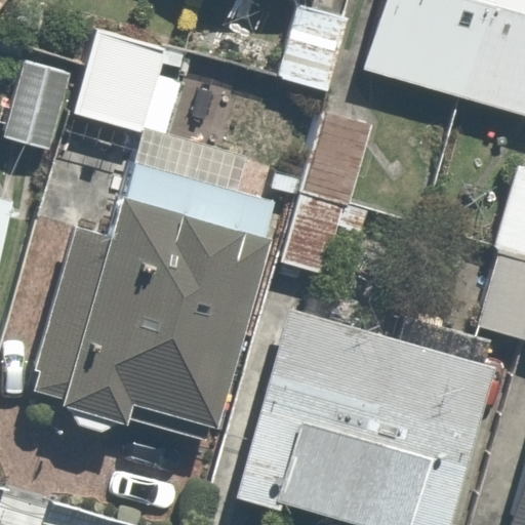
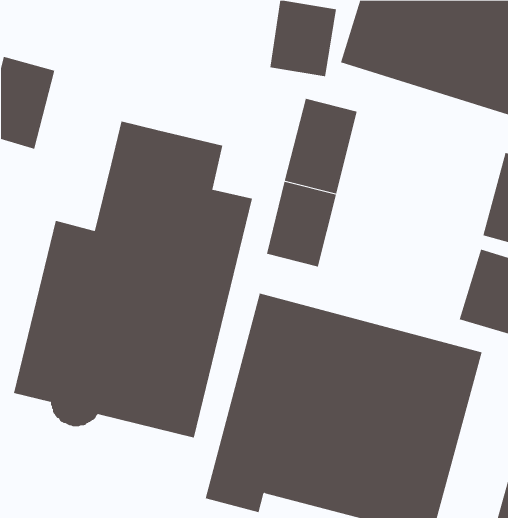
building: [81,29,196,135] -> none

